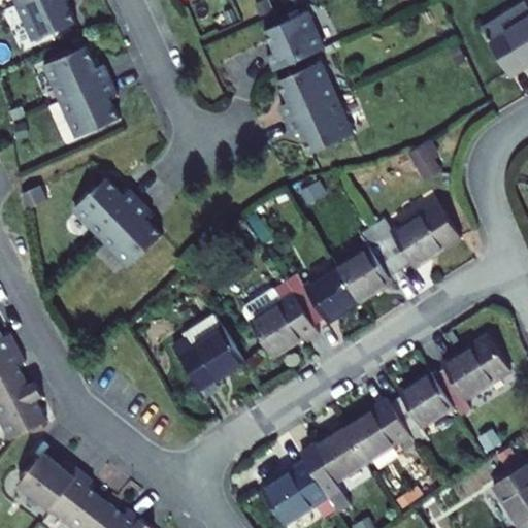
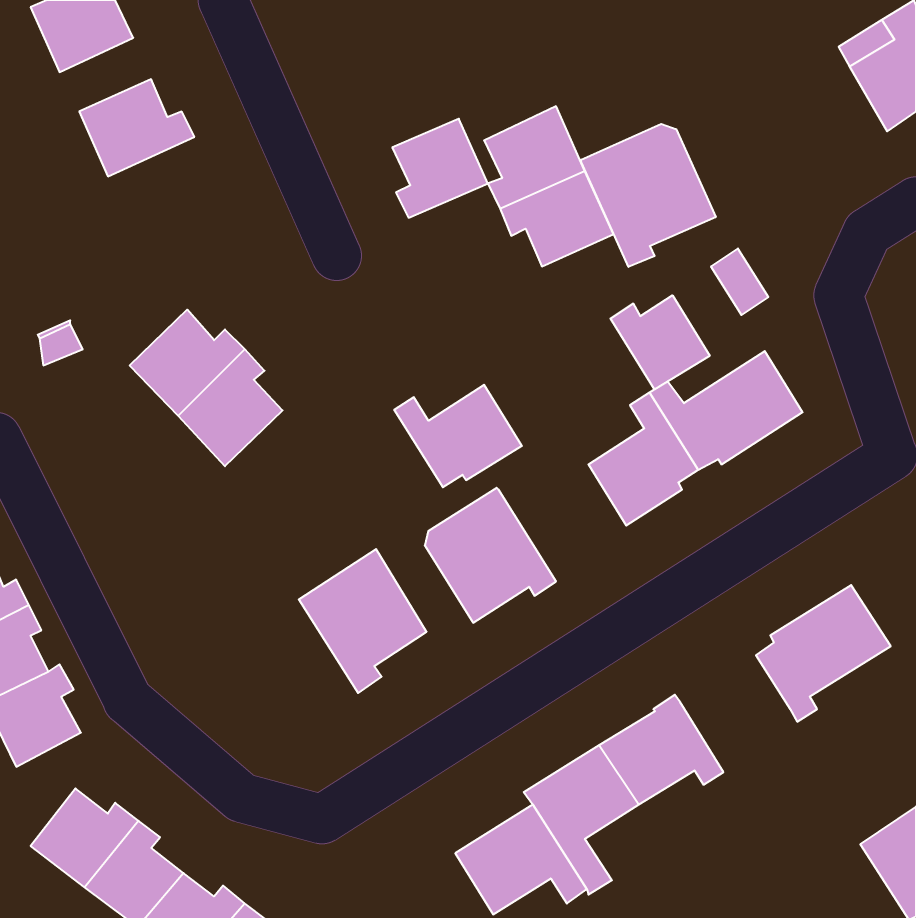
building: [264,14,319,71] -> [392,119,488,218]
building: none -> [581,124,716,267]
building: [62,79,120,138] -> none
building: none -> [610,295,710,389]
building: [286,267,359,326] -> [394,385,522,487]
building: [390,372,453,443] -> none

